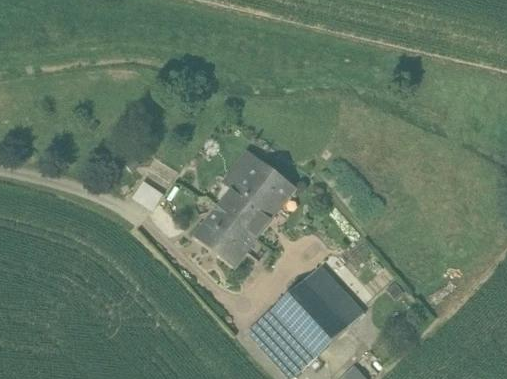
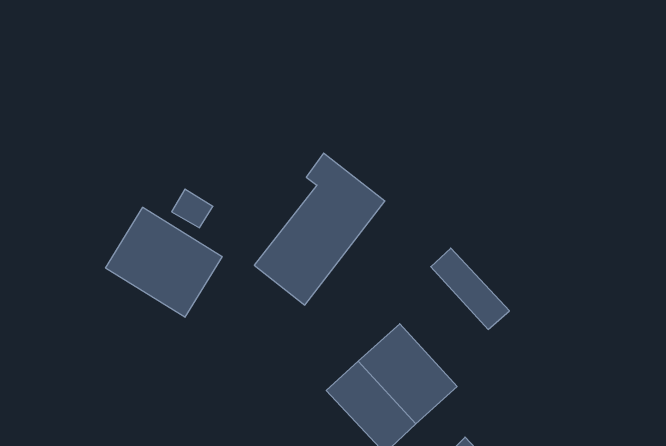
building: none -> [106,207,222,317]
building: [304,265,363,326] -> [431,248,509,329]

